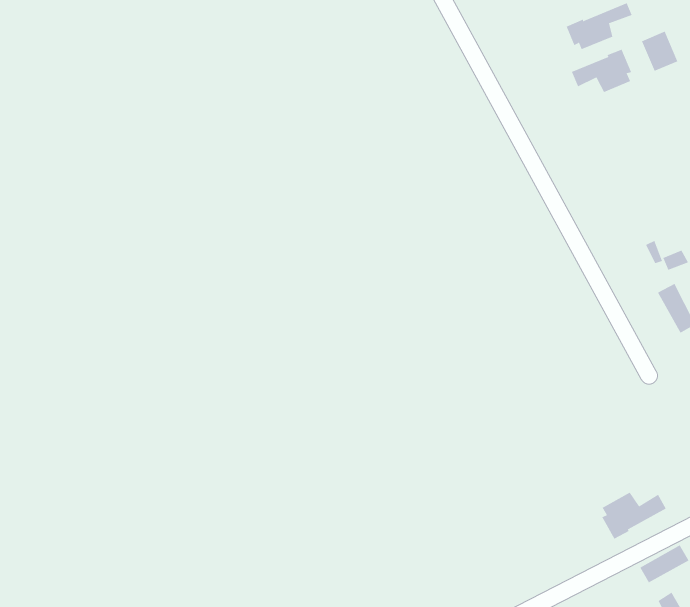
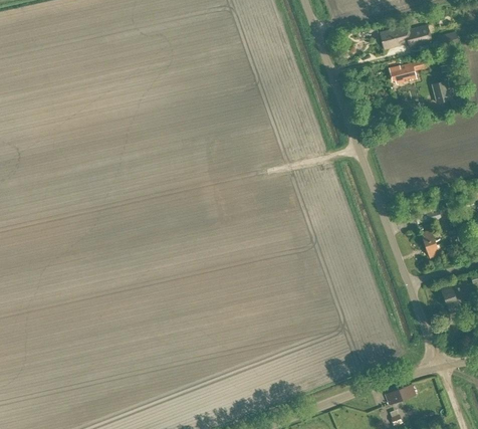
building: [571,49,632,93] -> none
building: [602,492,667,539] -> none

